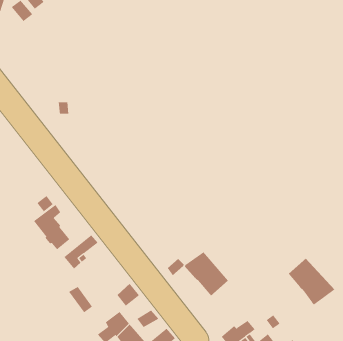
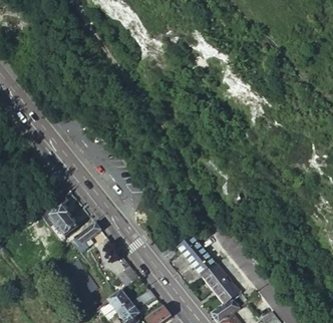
building: [288,258,335,305] -> [202,265,244,307]

